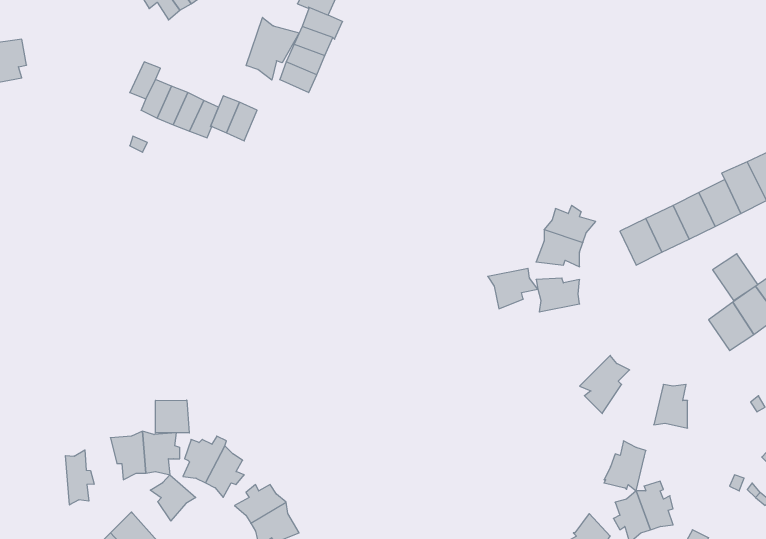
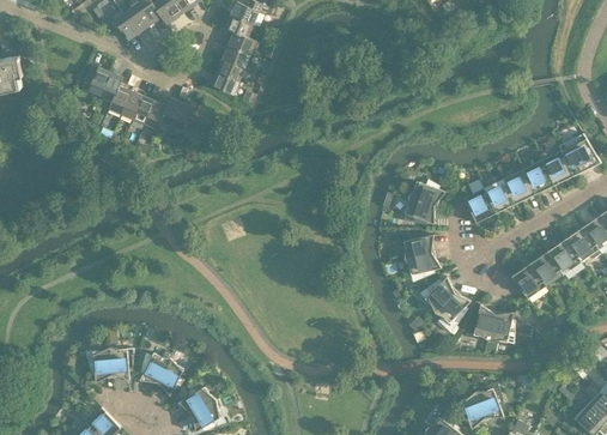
building: [246,17,299,80] -> none
building: none -> [80,64,111,95]
building: [713,254,758,301] -> [512,264,546,298]
building: [488,268,538,309] -> [405,252,442,282]
building: none -> [420,276,457,313]
building: [155,400,189,433] -> none
building: [604,441,646,491] -> [466,304,497,342]
building: [66,450,94,505] -> none
building: [150,475,196,521] -> none

